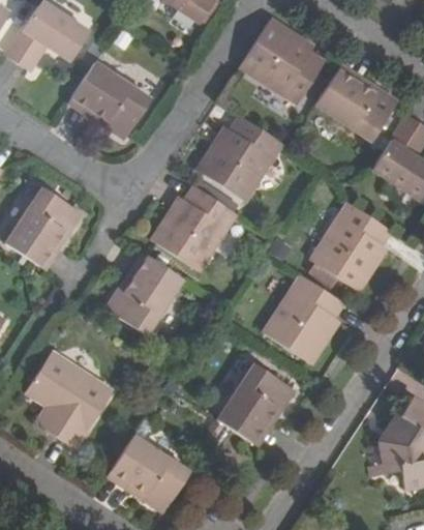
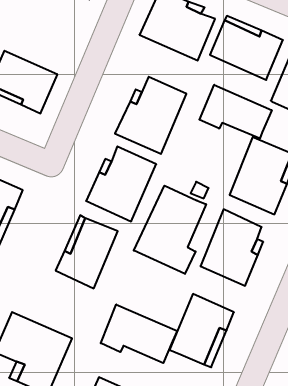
building: none -> [199,85,272,138]
building: none -> [134,186,206,274]
building: none -> [101,304,177,363]

